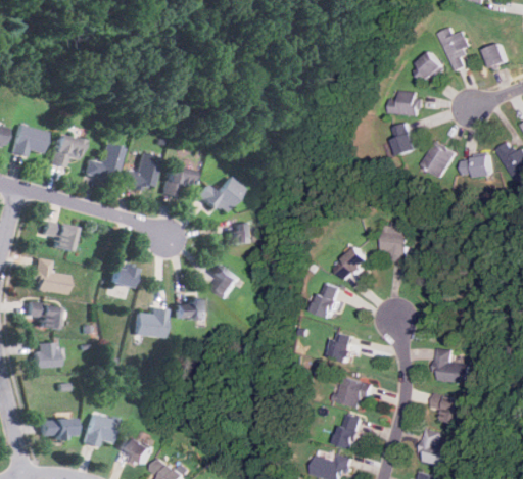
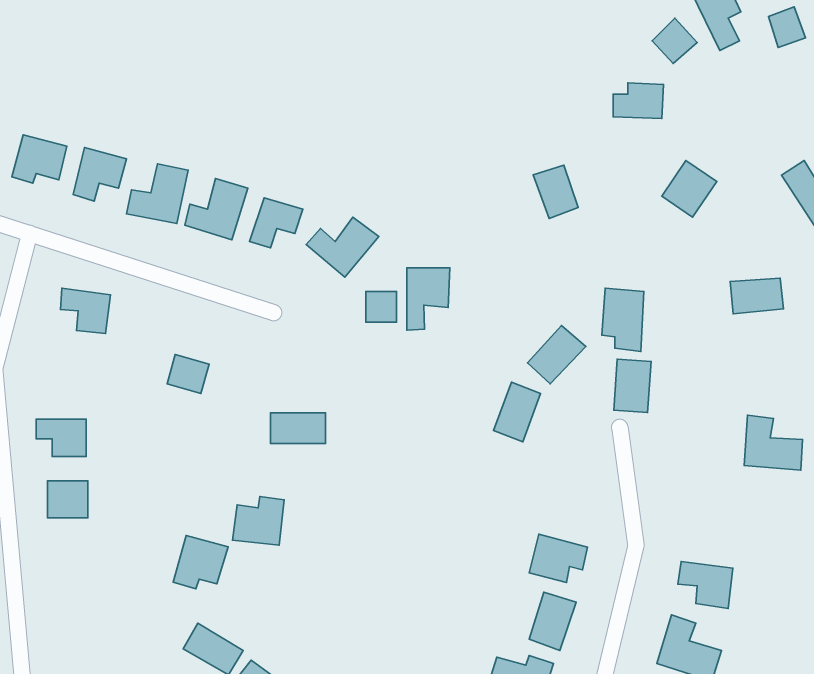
building: [390,123,419,156] -> [533,165,578,219]
building: [462,156,495,179] -> [730,278,783,314]
building: none -> [407,268,450,330]
building: [30,259,66,294] -> none
building: [211,264,240,299] -> none
building: none -> [614,359,651,412]
building: [131,307,163,338] -> [232,497,284,545]
building: [331,332,358,363] -> none
building: [433,348,470,383] -> [744,415,802,470]
building: [81,413,115,446] -> [173,535,228,589]
building: [39,419,73,437] -> none

